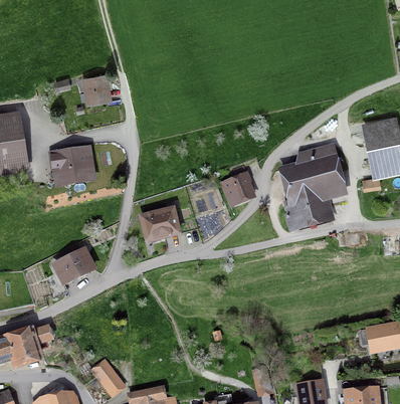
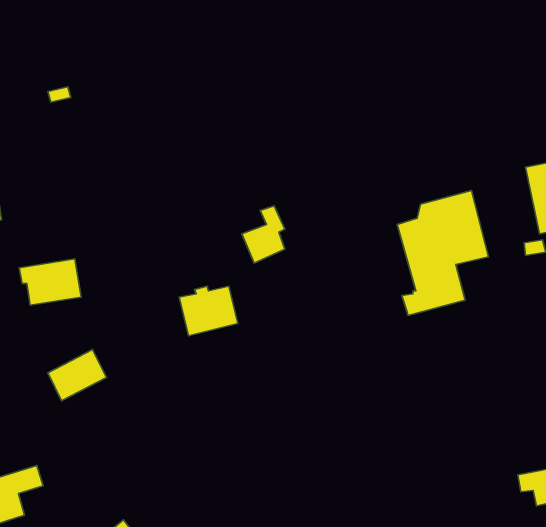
building: [81,73,108,100] -> none
building: [51,151,91,181] -> [19,259,81,305]
building: [222,167,250,204] -> [242,206,285,263]

